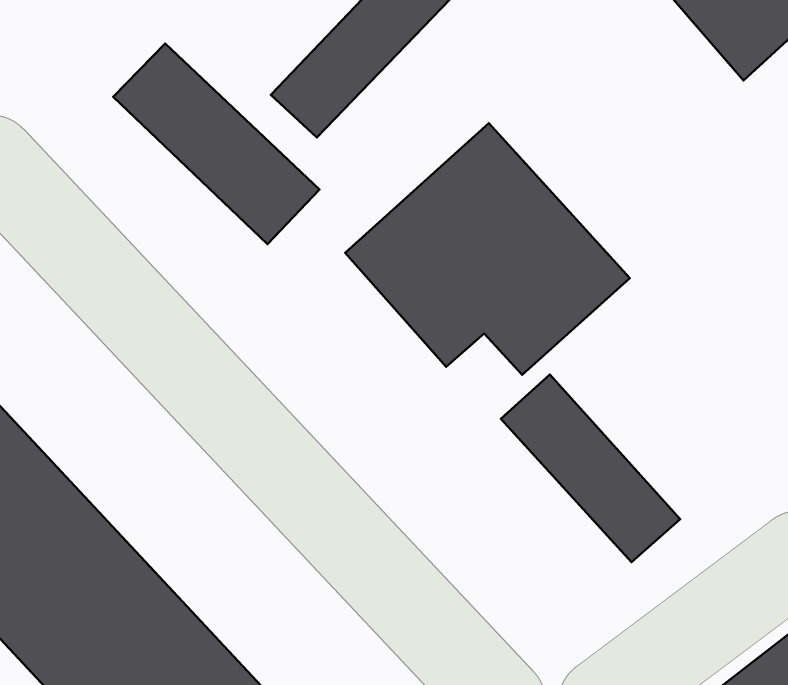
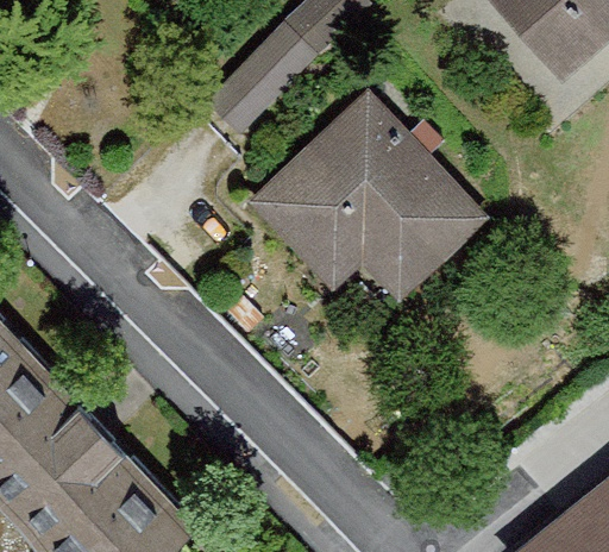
building: [113,43,320,244] -> none
building: [501,374,680,562] -> none

